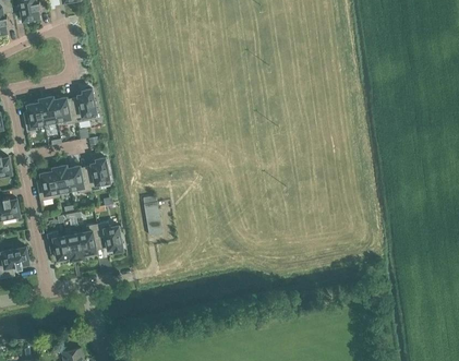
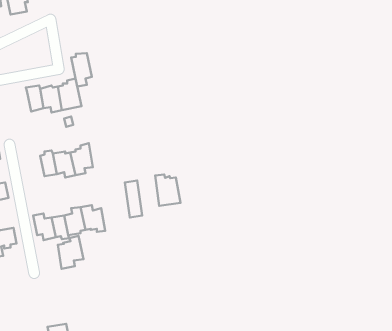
building: none -> [71,53,92,87]
building: [23,101,45,132] -> none
building: [37,170,60,201] -> none
building: none -> [155,175,180,206]
building: none -> [58,236,83,269]

